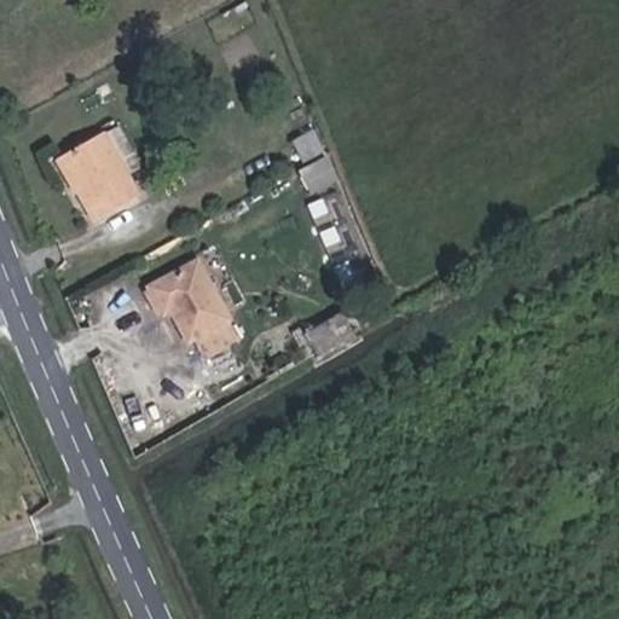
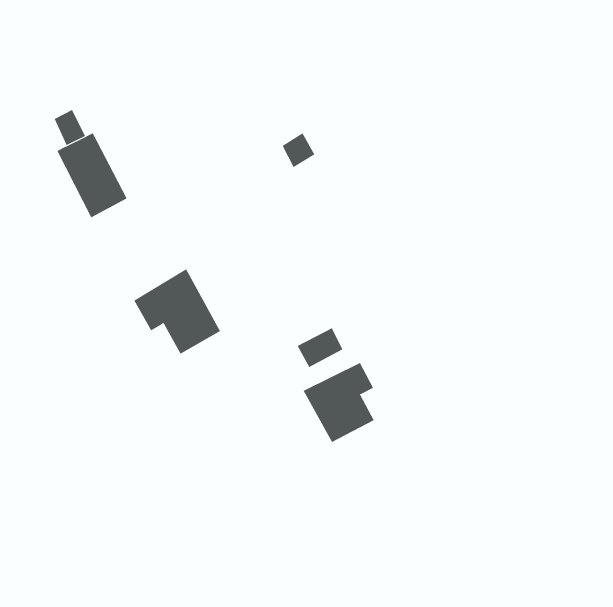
building: none -> [303,362,375,443]

